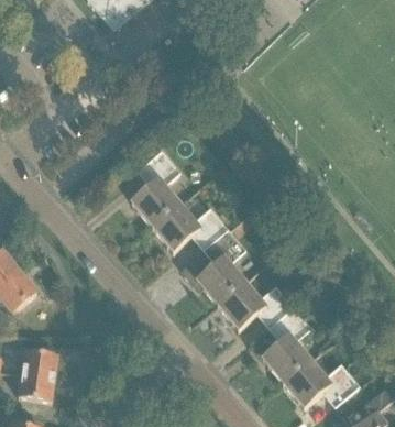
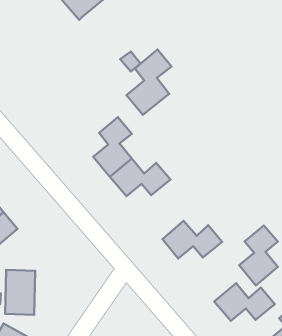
building: none -> [127,49,172,115]
building: [197,229,255,304] -> none
building: [262,307,310,382] -> [239,226,278,285]

